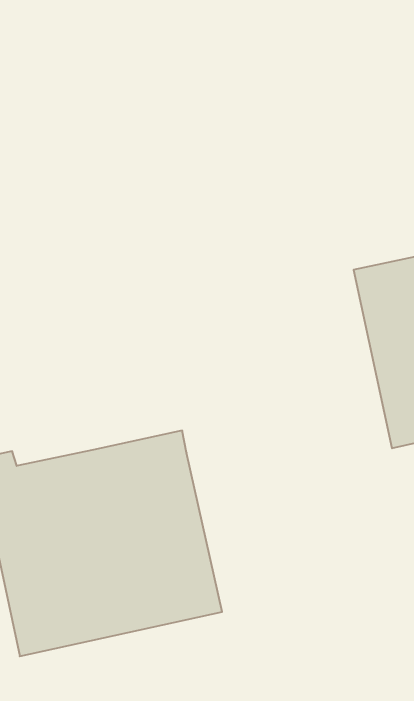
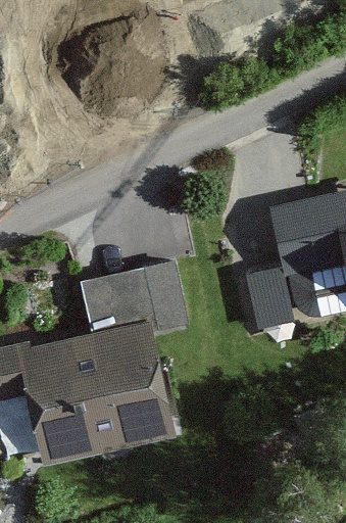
building: none -> [79,255,189,333]

